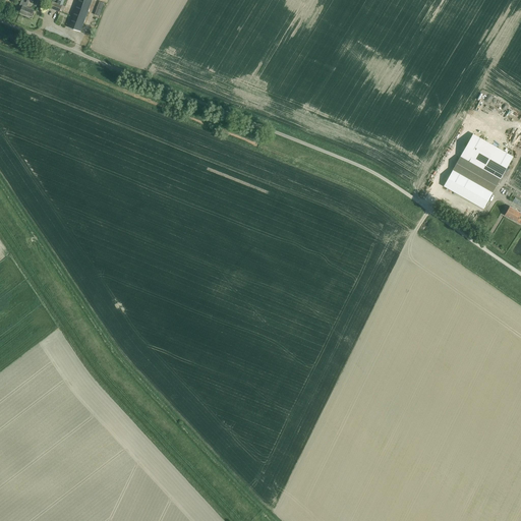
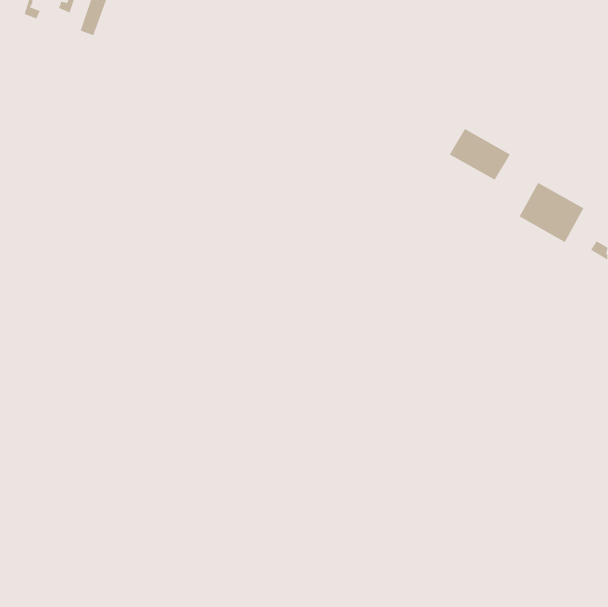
building: [460,133,513,178] -> [449,128,511,181]

